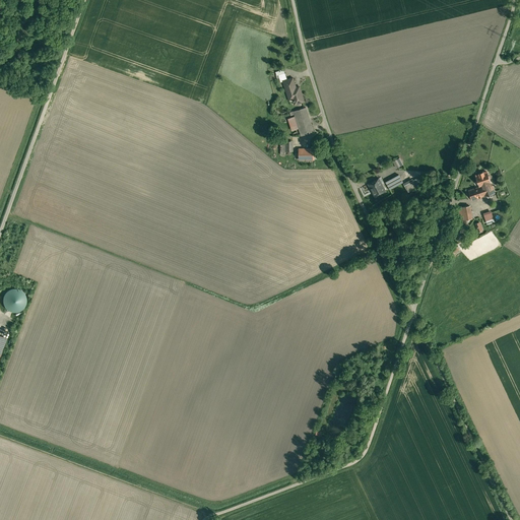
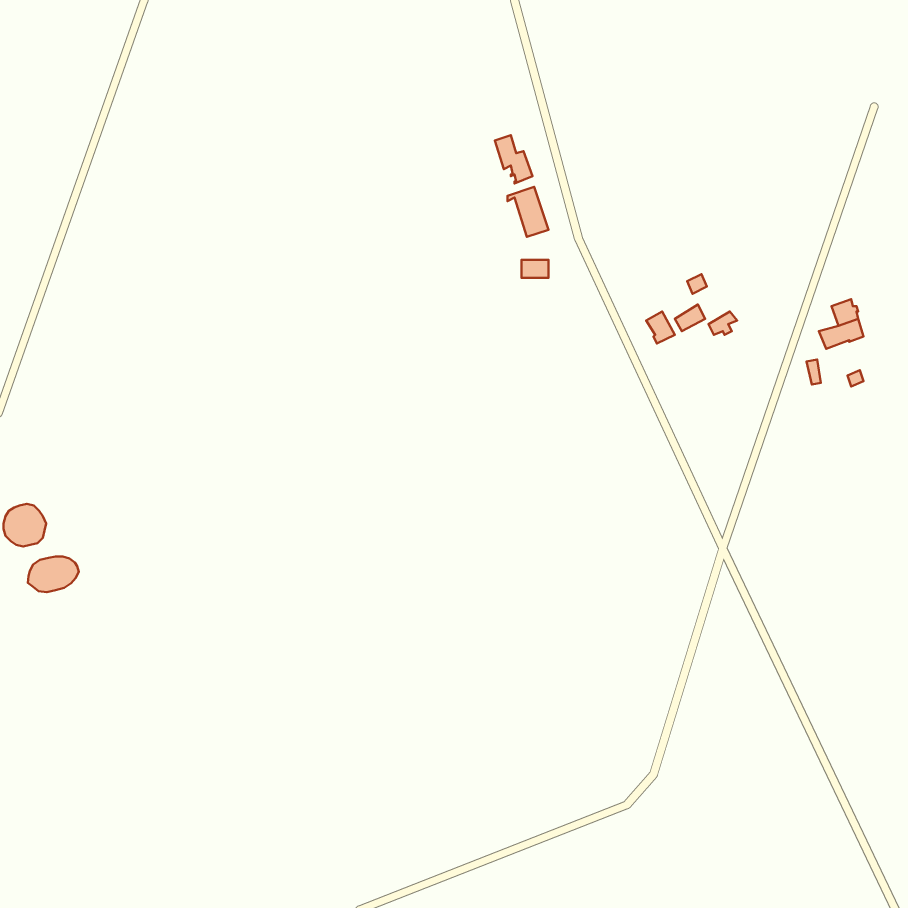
building: none -> [28,556,79,592]

